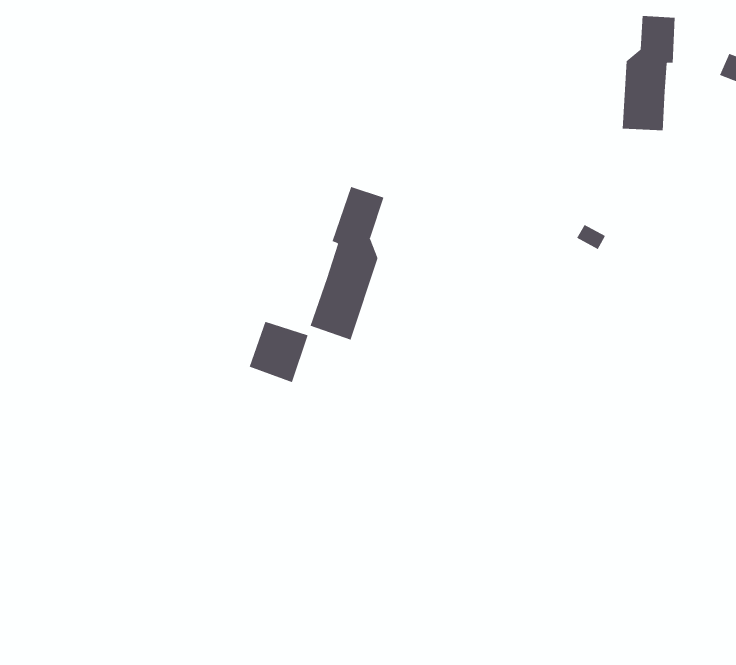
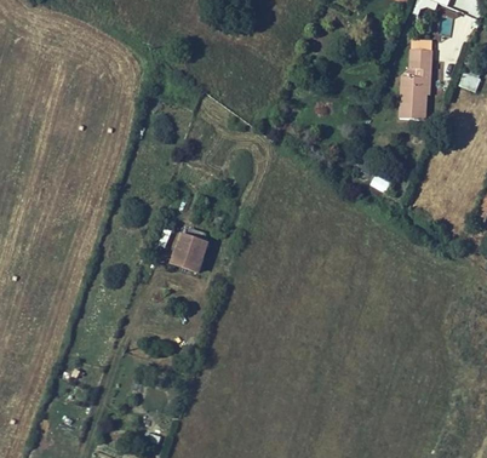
building: [310,186,384,340] -> none

